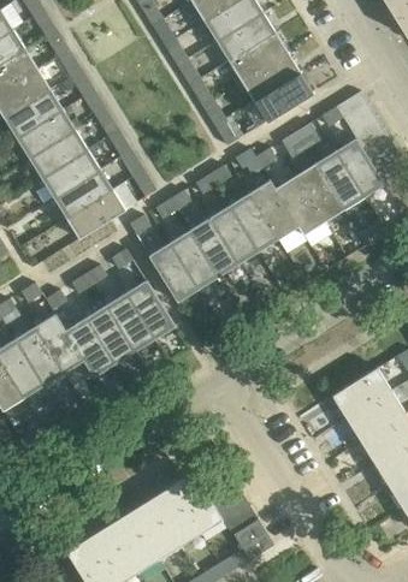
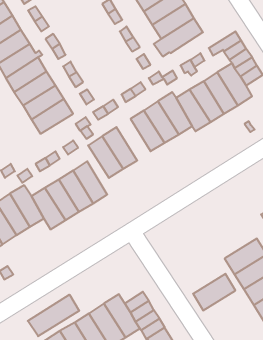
building: [189,218,238,278] -> none
building: [331,367,392,420] -> [193,274,235,310]
building: none -> [28,295,79,336]

